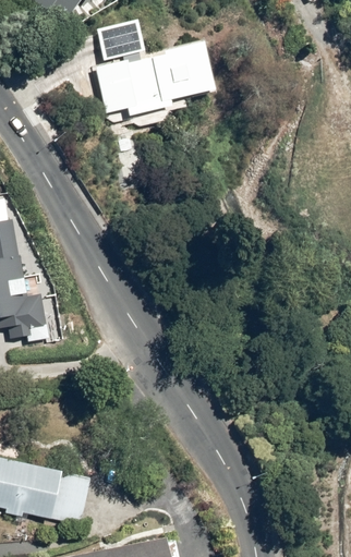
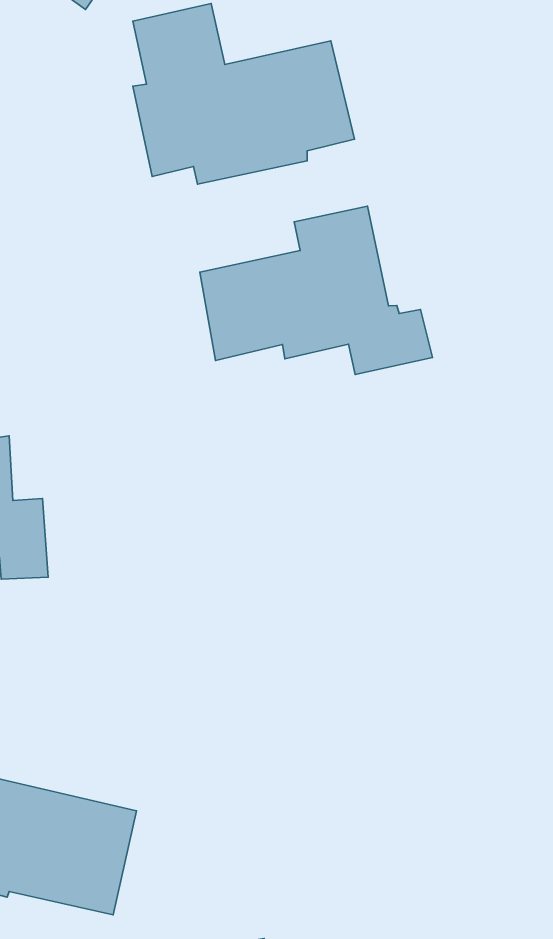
building: none -> [200,206,433,374]

